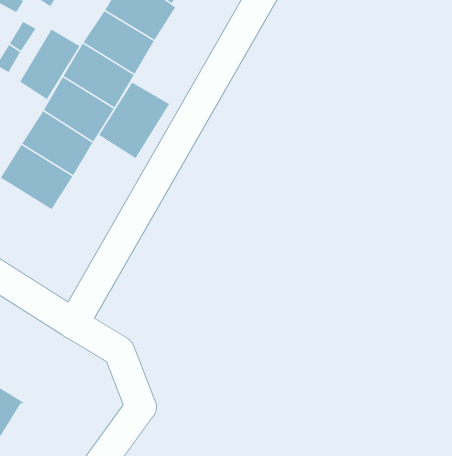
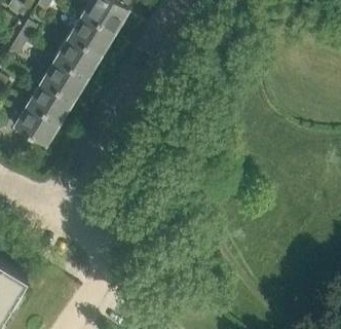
building: [19,28,81,100] -> none
building: [98,82,170,159] -> none

